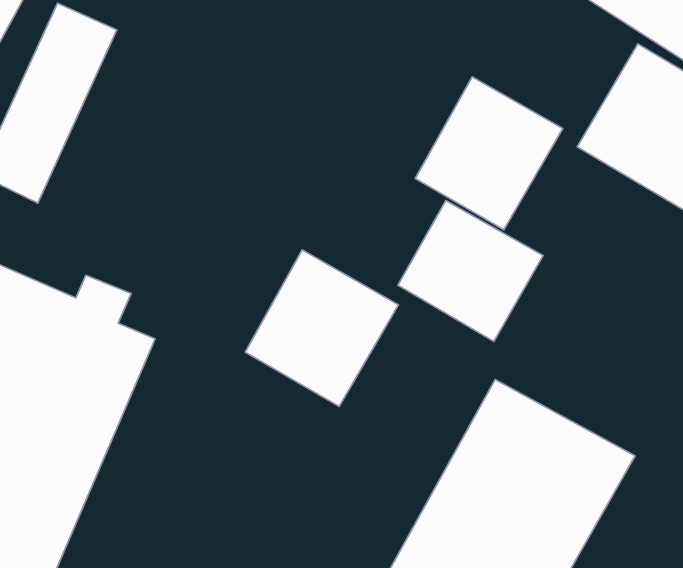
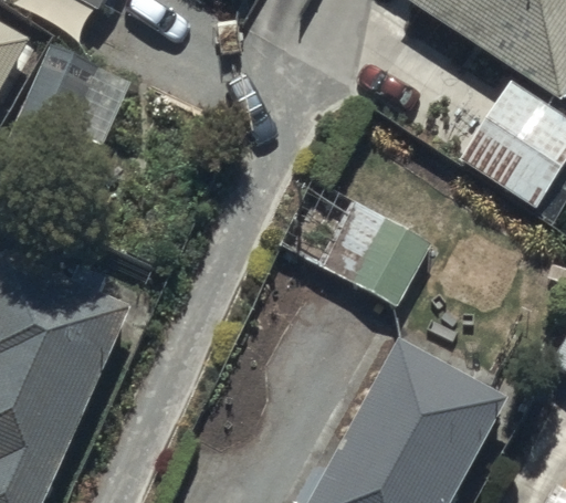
building: [415,77,563,230] -> none
building: [245,250,398,407] -> none

